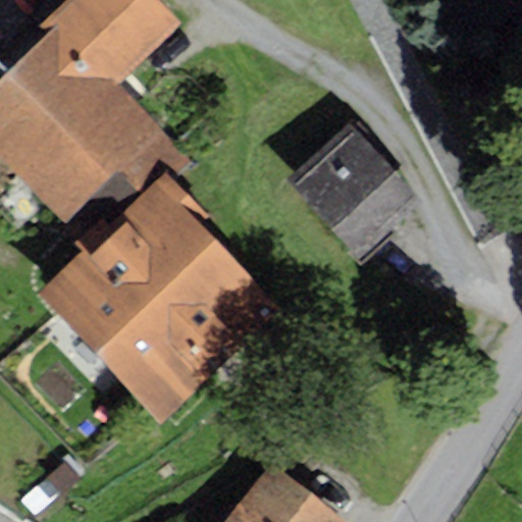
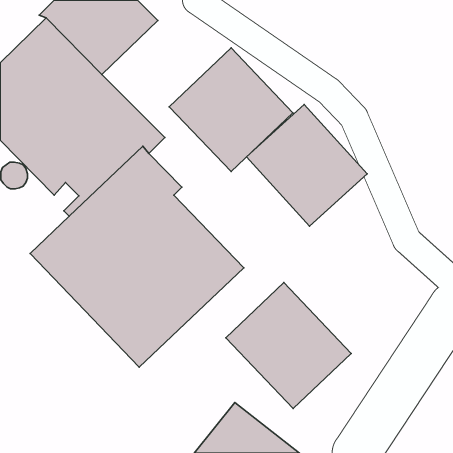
building: none -> [169,48,293,172]
building: none -> [226,282,351,409]

